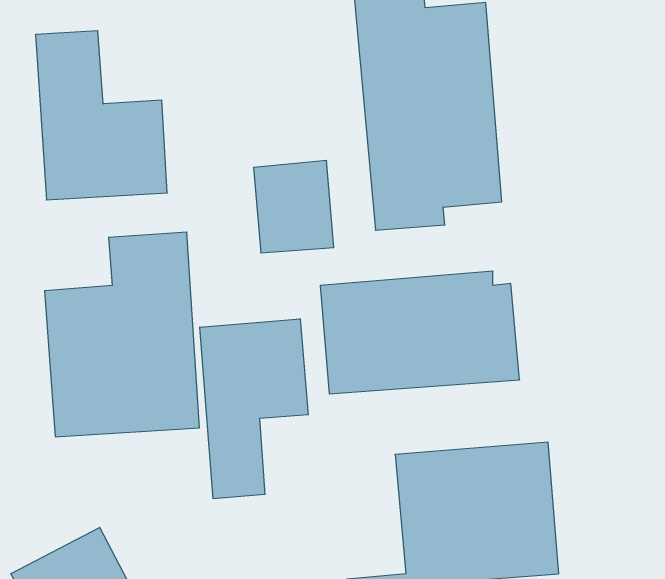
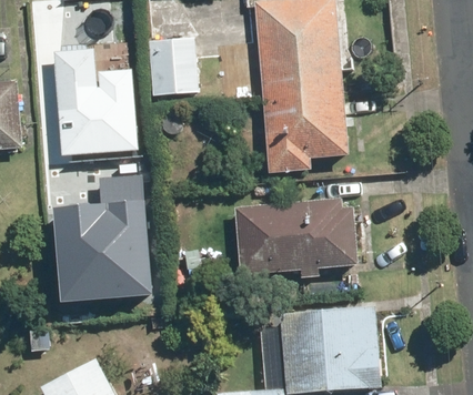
building: [254,160,334,253] -> [148,37,198,94]
building: [200,319,308,499] -> none

